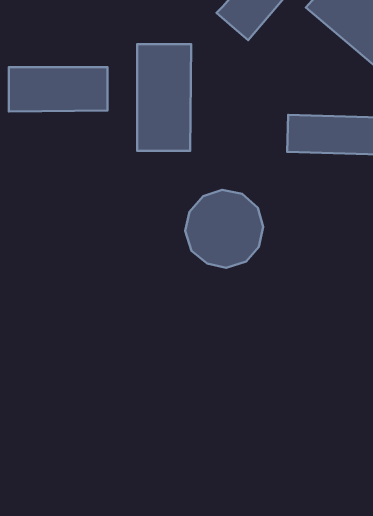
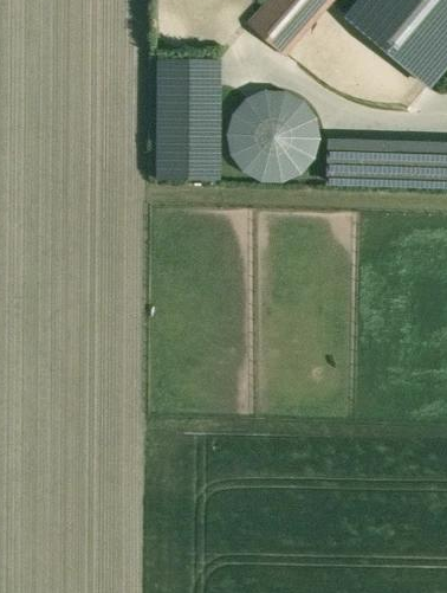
building: [9,67,107,111] -> none
building: [185,190,263,268] -> [228,96,316,183]

